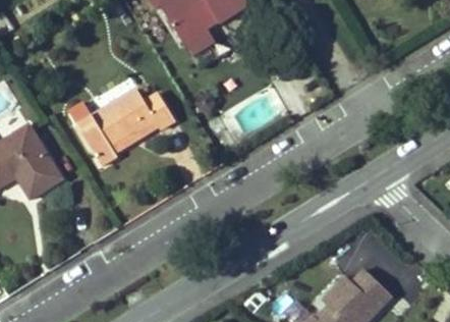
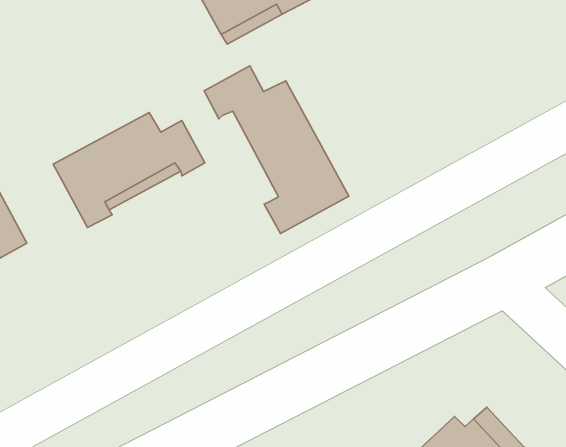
building: none -> [204,66,349,233]

